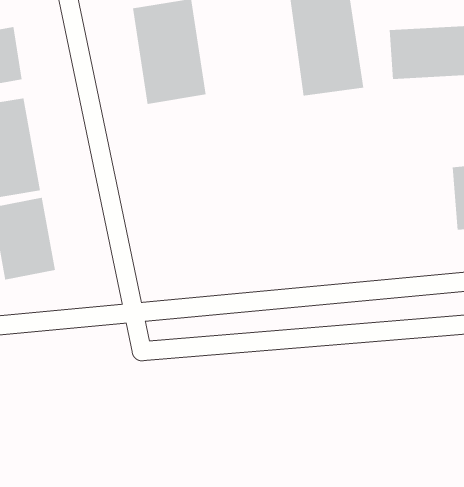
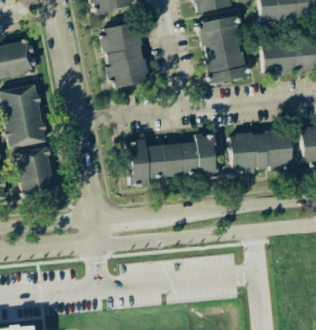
building: none -> [230,131,292,172]
building: none -> [128,135,216,187]

